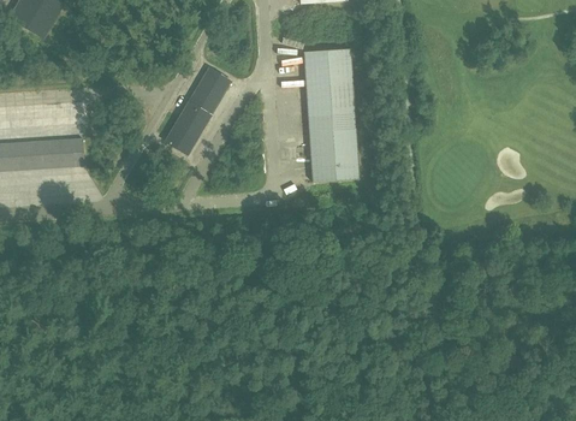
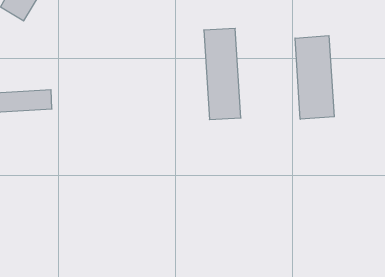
building: none -> [295,36,334,119]
building: [165,67,231,154] -> none

